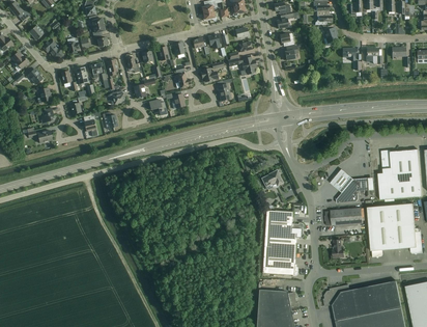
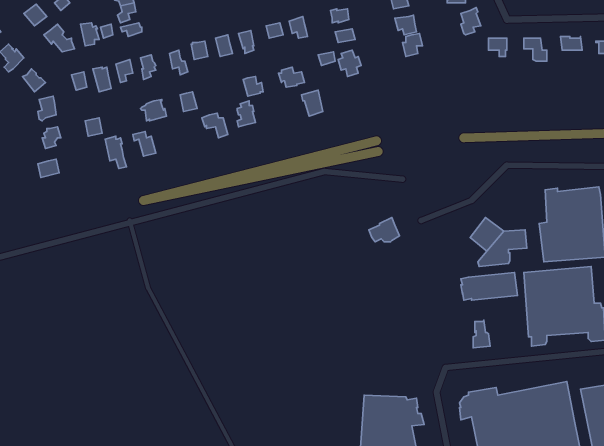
building: [262,210,304,275] -> none

